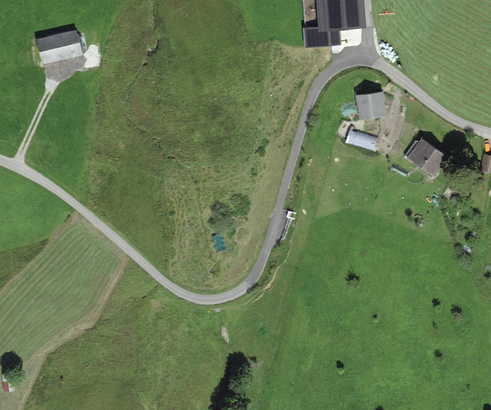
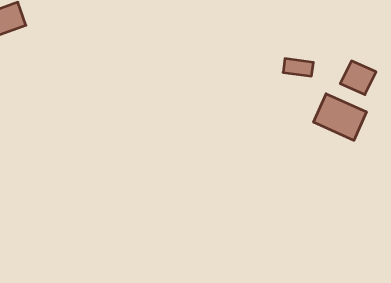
building: [358,93,386,120] -> none
building: none -> [314,94,366,140]

